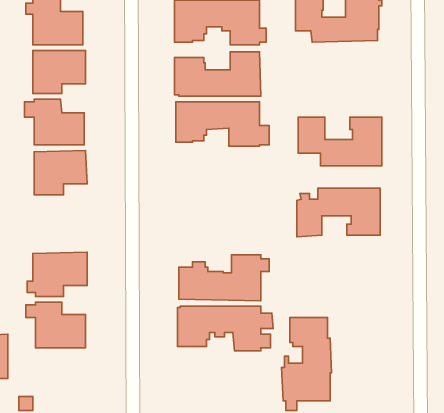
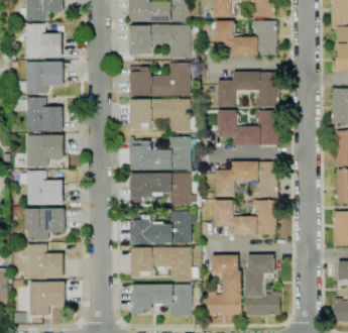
building: none -> [218,72,280,107]
building: none -> [129,134,196,170]
building: none -> [19,171,64,205]
building: none -> [129,174,191,206]
building: none -> [215,200,275,235]
building: none -> [244,254,279,315]
building: none -> [28,282,65,316]
building: none -> [130,284,192,317]

